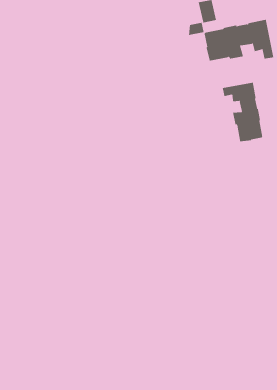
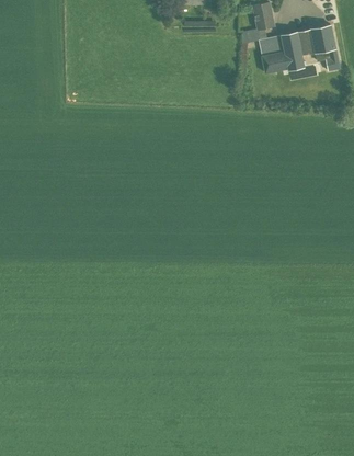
building: [222,82,263,142] -> none

